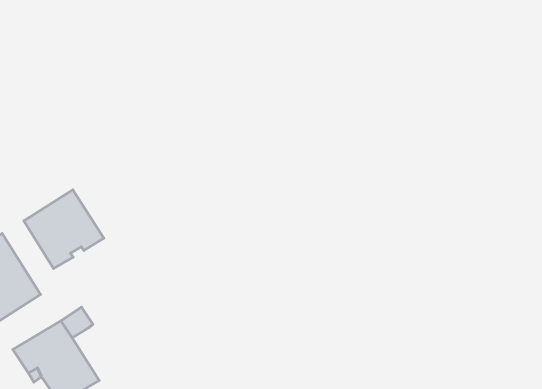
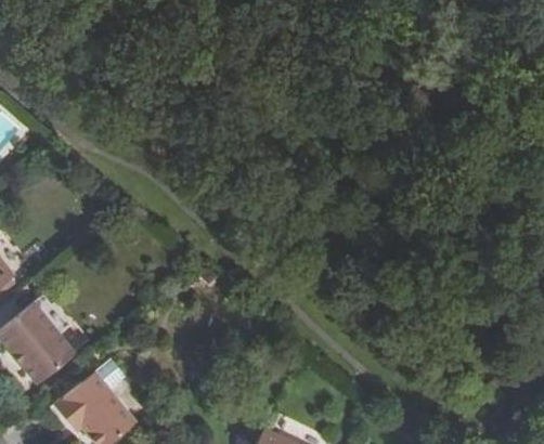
building: [24,190,104,269] -> none

